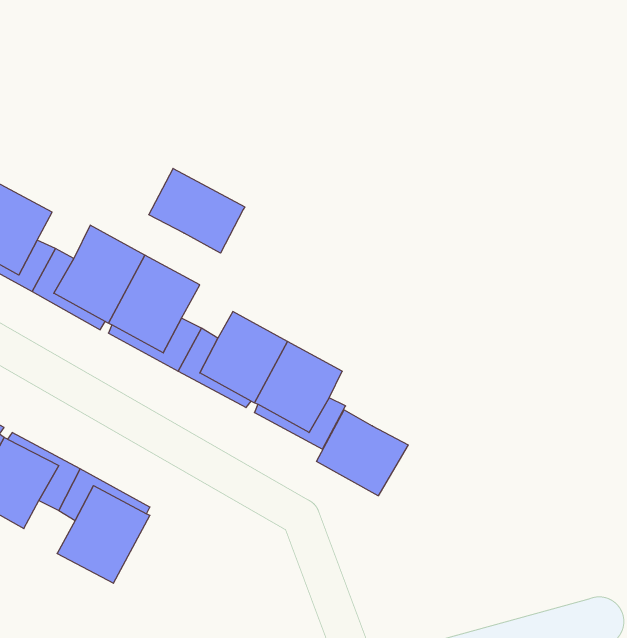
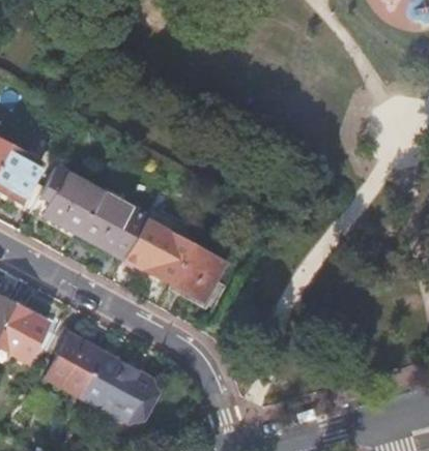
building: [149,168,245,253] -> none
building: [317,410,408,496] -> none
building: none -> [80,350,150,418]

